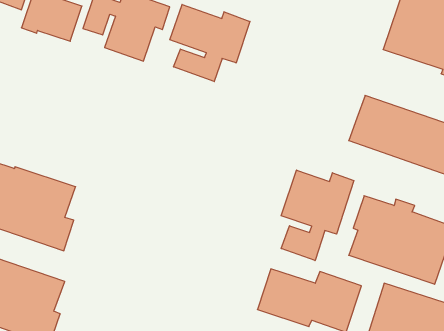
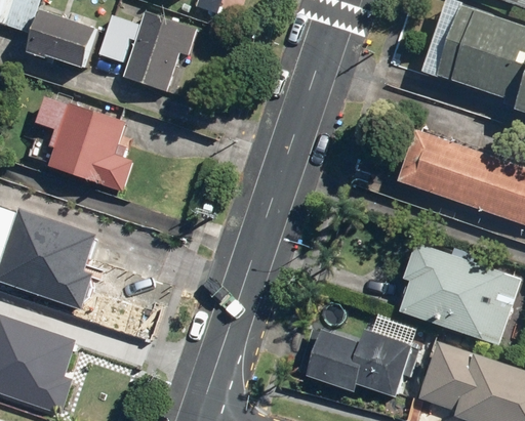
building: [170,4,250,82] -> none
building: none -> [36,95,133,190]
building: [281,170,354,261] -> none

